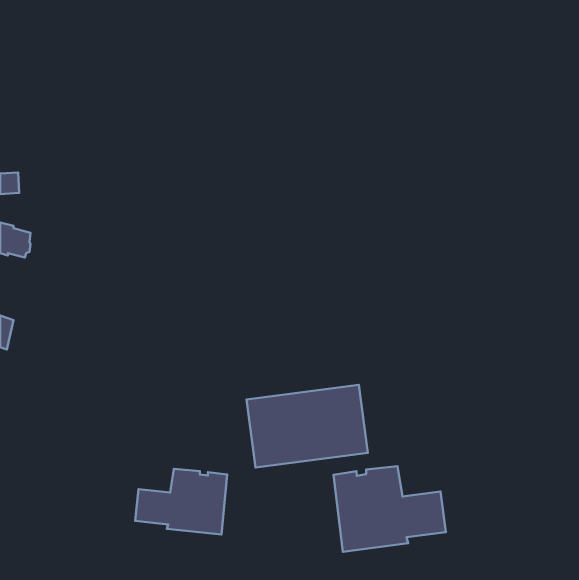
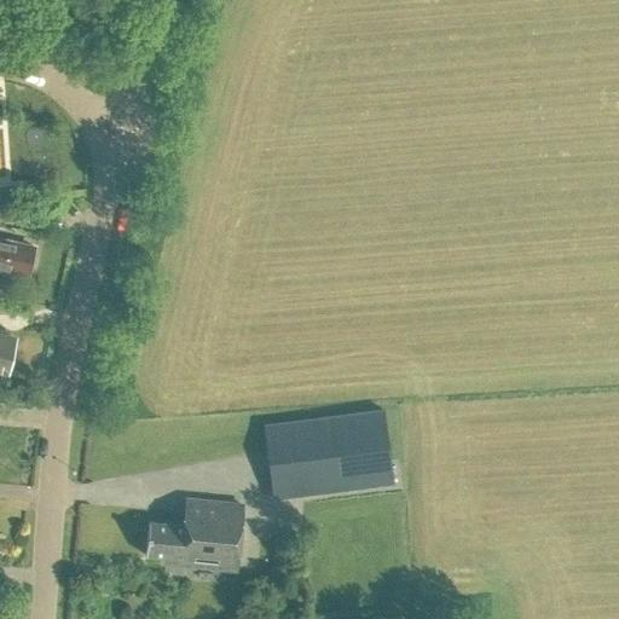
building: [334,466,446,552] -> none

